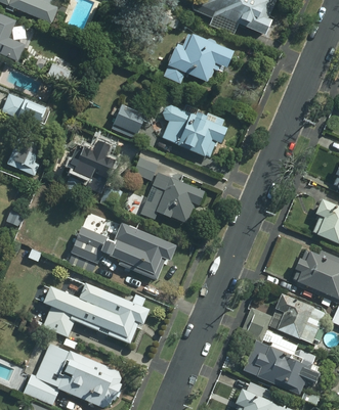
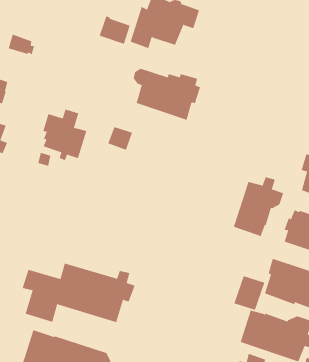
building: [113,102,143,131] -> [99,16,131,44]
building: [141,171,204,222] -> none
building: none -> [233,176,284,237]
building: [69,221,175,278] -> none

